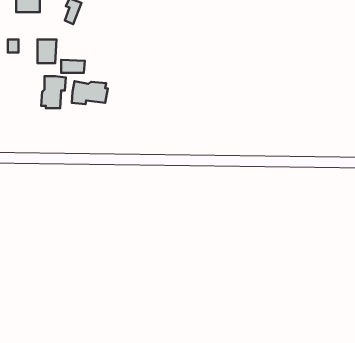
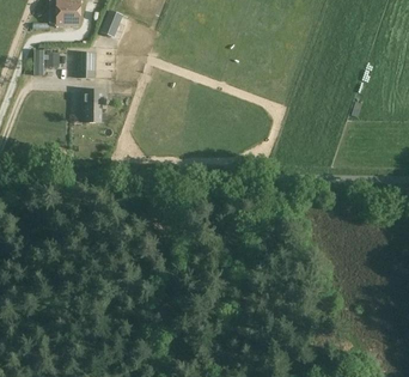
building: [72,81,108,104] -> none

